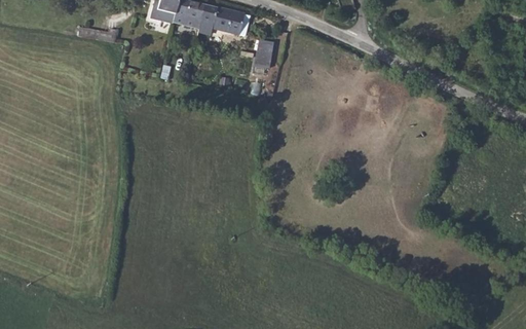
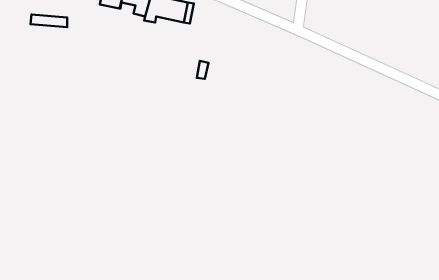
building: [255,40,274,72] -> none

